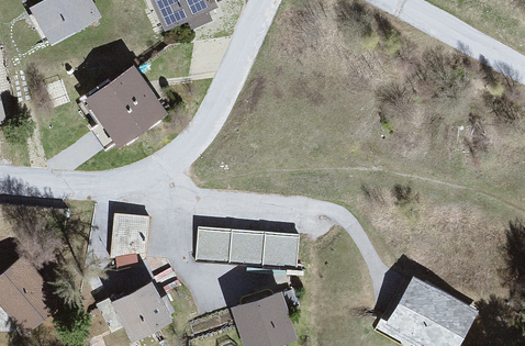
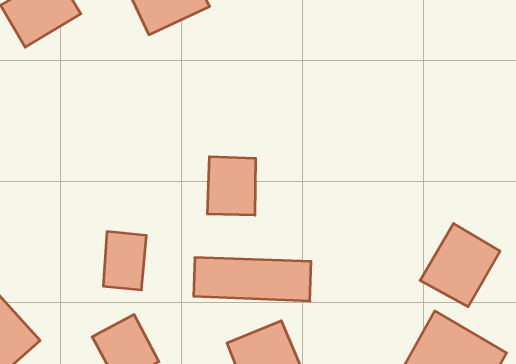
building: [78,64,159,145] -> none
building: none -> [208,157,256,215]
building: none -> [420,223,500,307]

